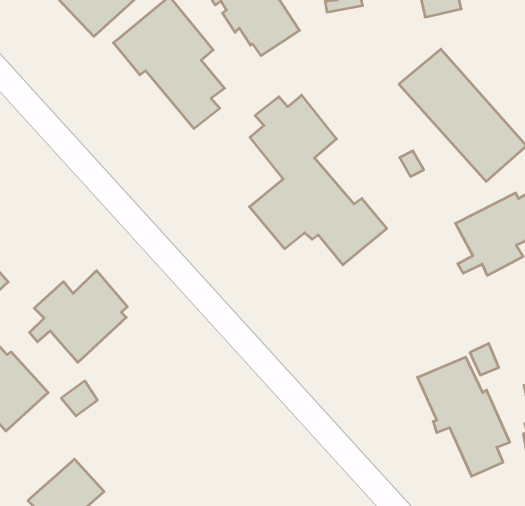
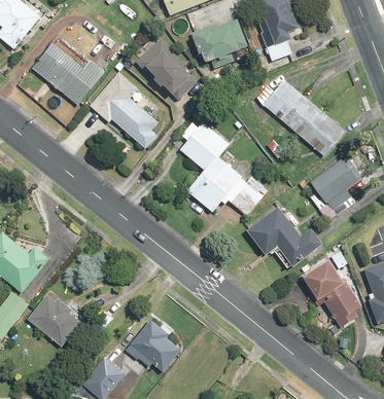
building: none -> [246,207,322,266]
building: [29,271,127,362] -> none
building: none -> [126,319,180,370]

